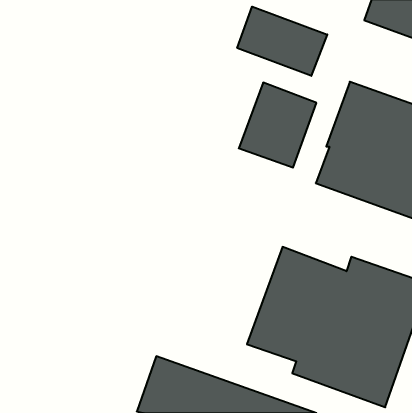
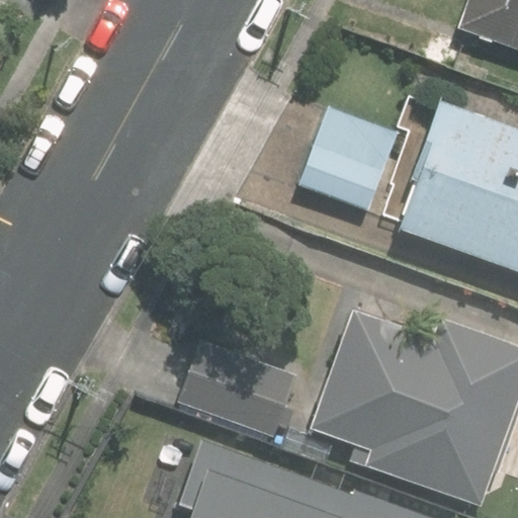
building: [237,7,327,76] -> none
building: none -> [178,336,299,437]

